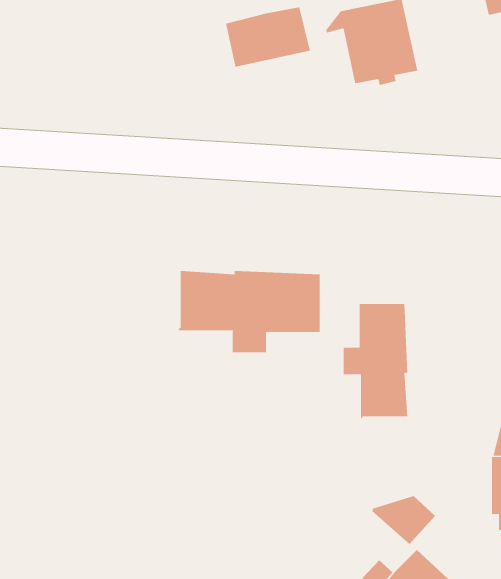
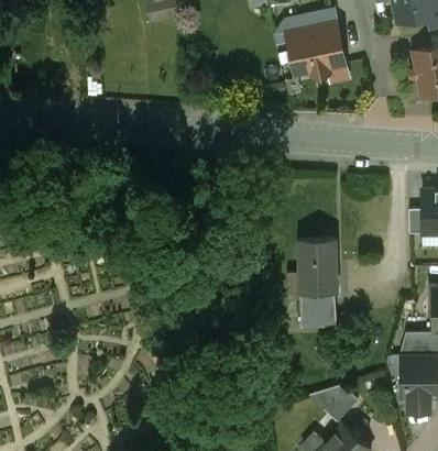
building: [225,6,311,67] -> none
building: [179,270,320,353] -> none

